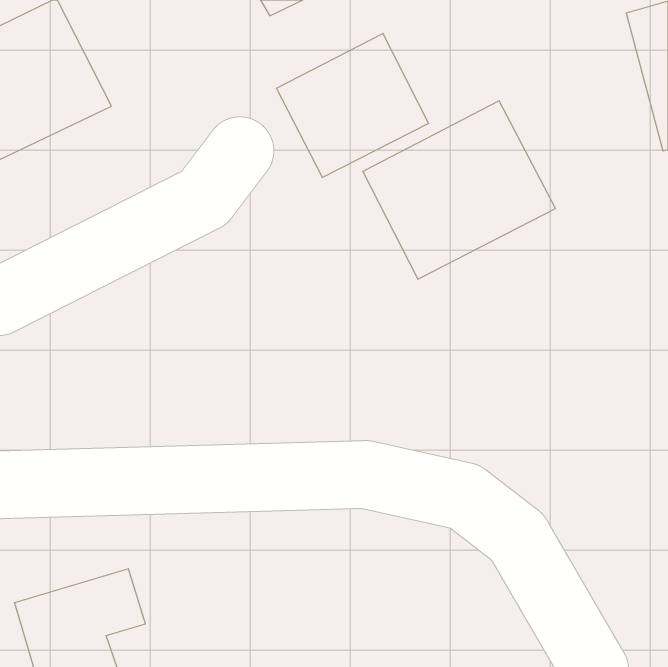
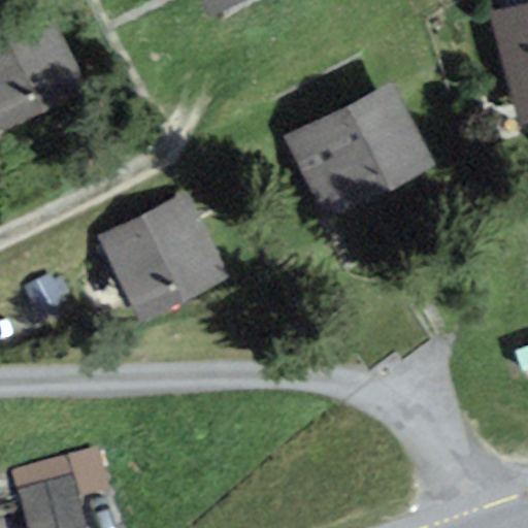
building: [276,33,428,178] -> none
building: none -> [96,192,228,322]

